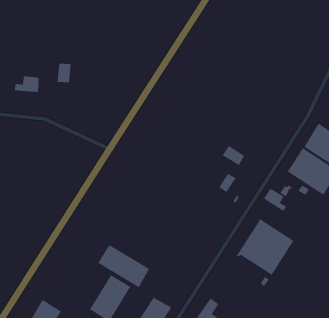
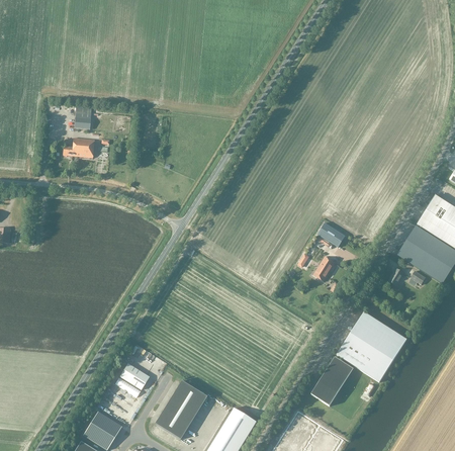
building: [57,63,72,83] -> [74,104,92,128]
building: [263,188,287,212] -> none
building: [97,244,150,288] -> none
building: none -> [311,356,353,405]
building: none -> [119,363,149,389]

